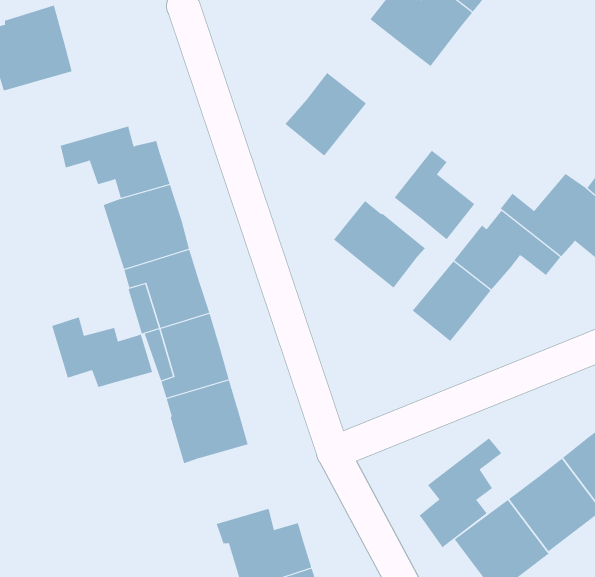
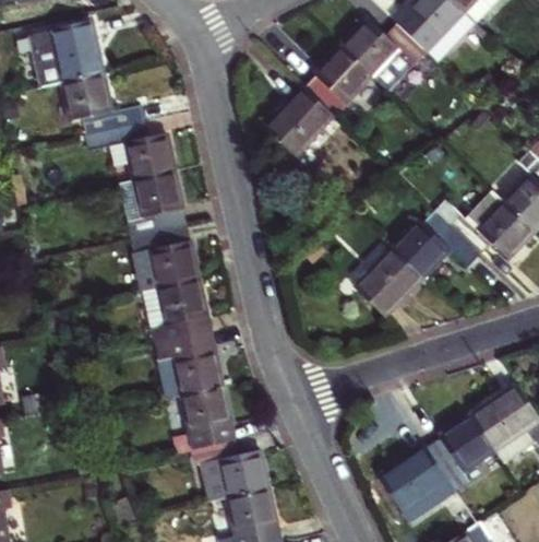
building: none -> [306,49,373,117]
building: none -> [60,75,143,134]
building: [394,150,475,240] -> none
building: [333,200,426,289] -> none
building: [52,317,153,388] -> none
building: [419,438,502,548] -> none
building: none -> [177,386,236,451]

